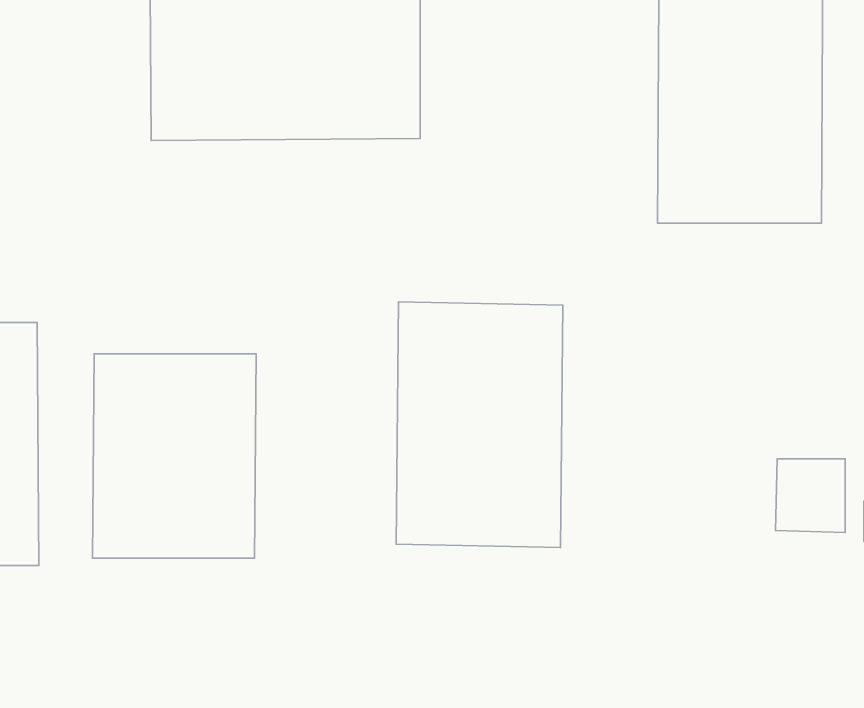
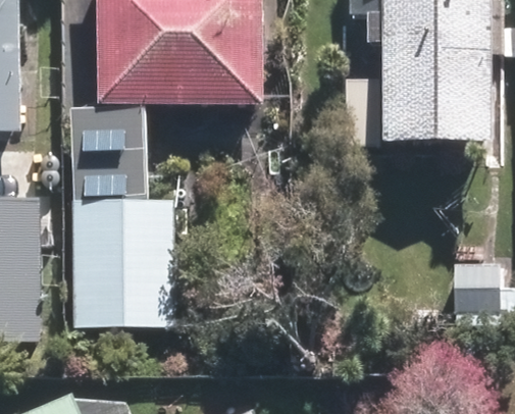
building: none -> [79,108,149,190]
building: [396,302,563,547] -> none

